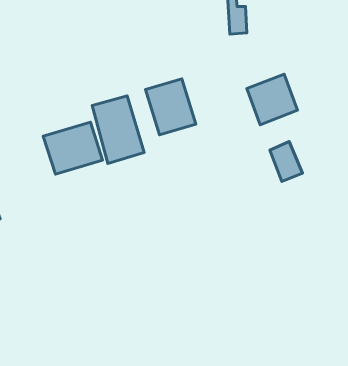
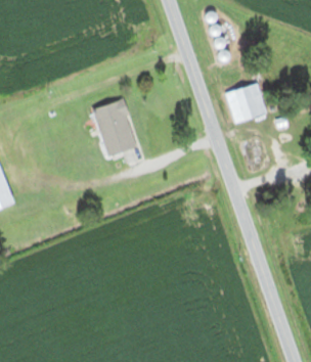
building: [145,79,196,135] -> none
building: [43,122,103,174] -> none

